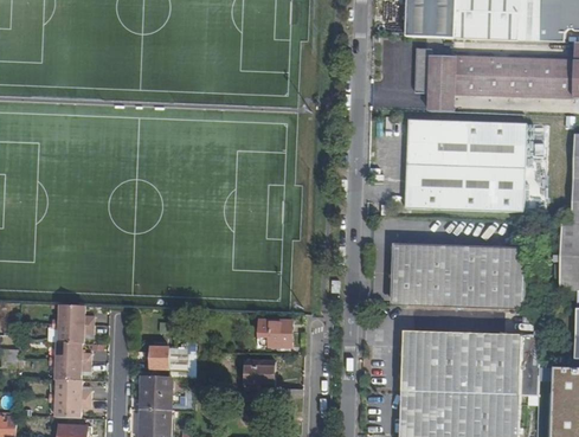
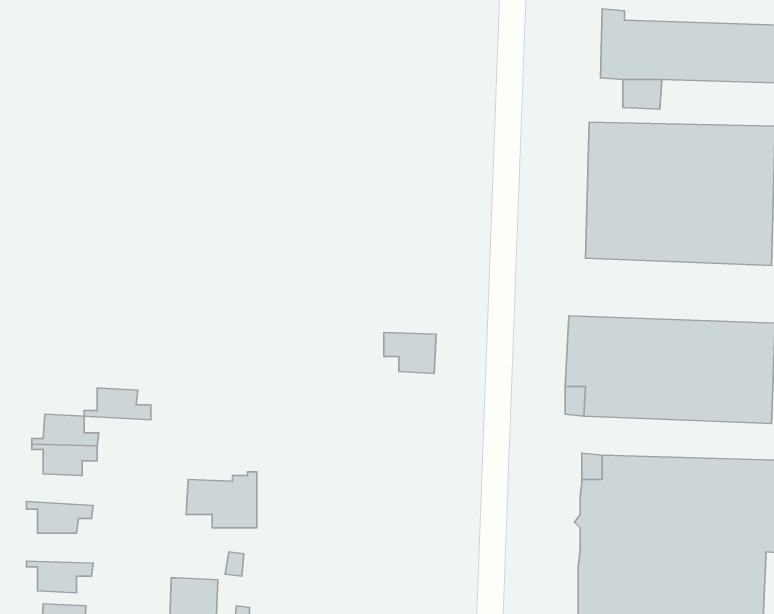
building: [259,321,292,347] -> [384,332,436,373]
building: [49,343,91,364] -> [84,388,151,420]
building: [245,361,275,390] -> none
building: [142,377,173,412] -> none
building: [49,381,91,400] -> none

